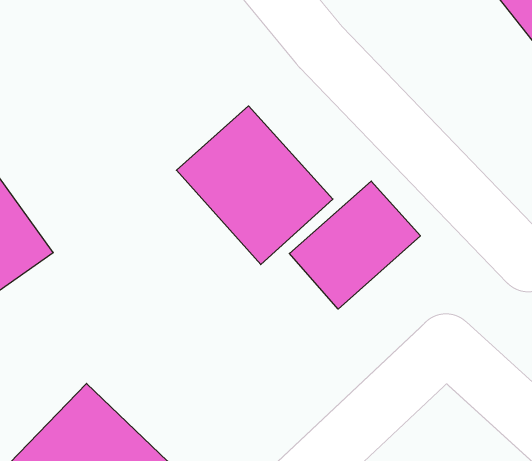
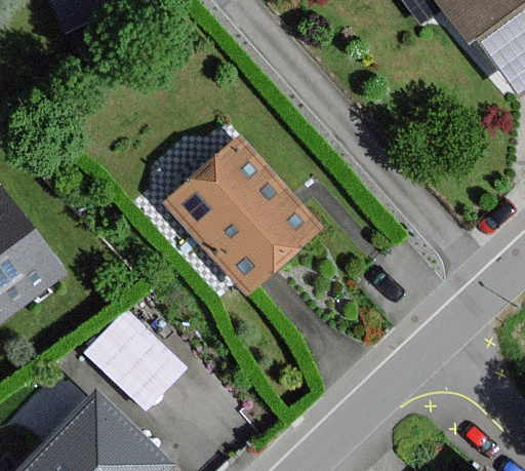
building: [289,181,420,309] -> none
building: none -> [87,315,181,408]

